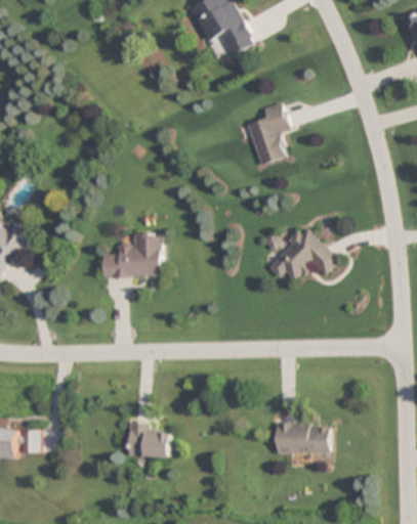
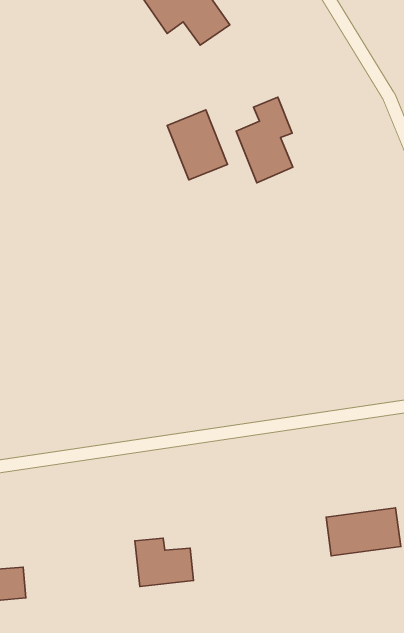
building: none -> [167,110,228,180]
building: [266,228,338,280] -> none
building: [101,232,160,278] -> none

